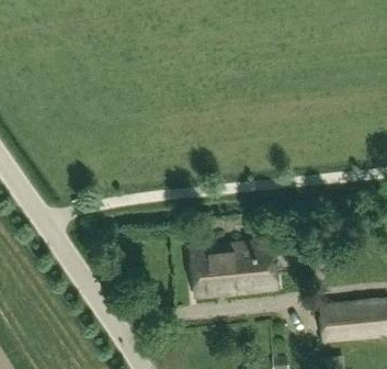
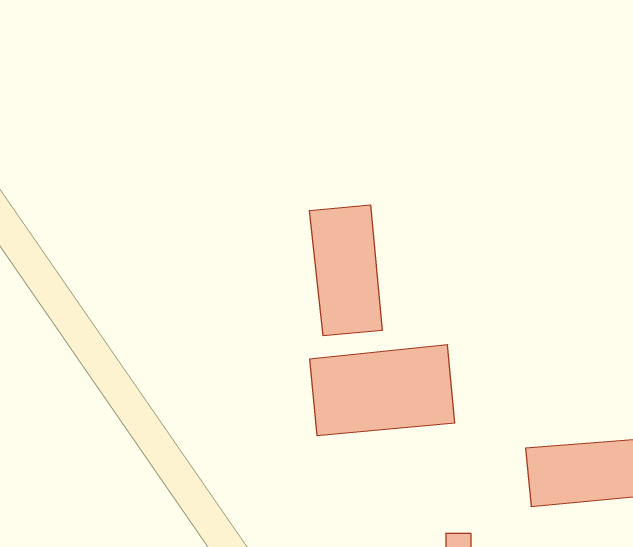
building: none -> [309,205,382,336]

